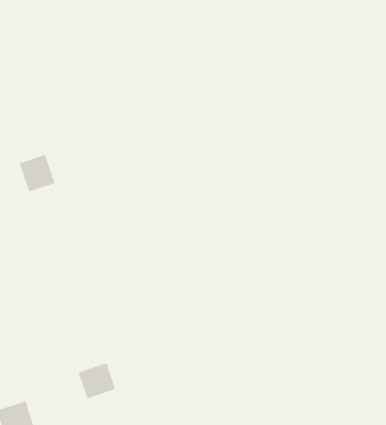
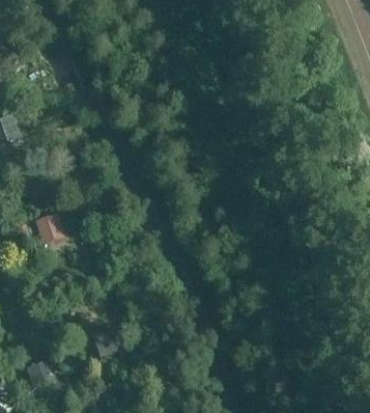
building: [19,154,56,192] -> [35,213,65,244]

